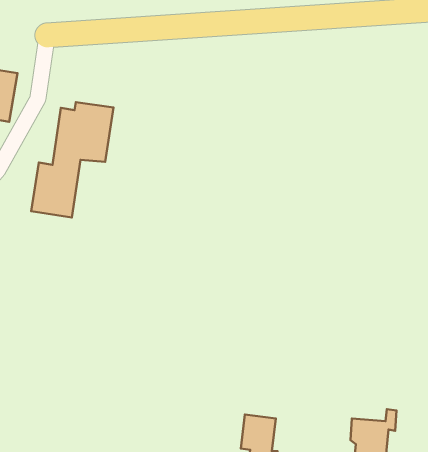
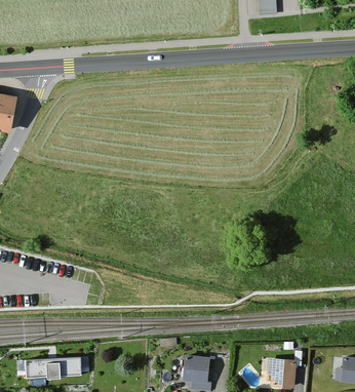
building: [31,102,114,218] -> none
building: none -> [25,357,82,379]

